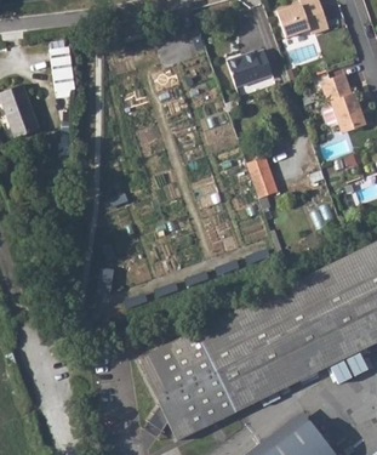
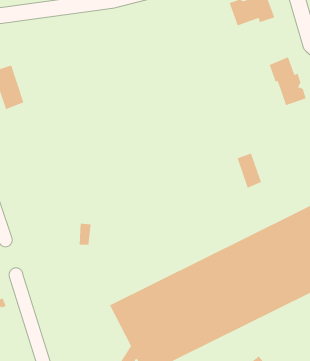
building: [51,46,75,91] -> none
building: [227,51,272,87] -> none
building: [247,158,276,199] -> [237,153,262,189]

